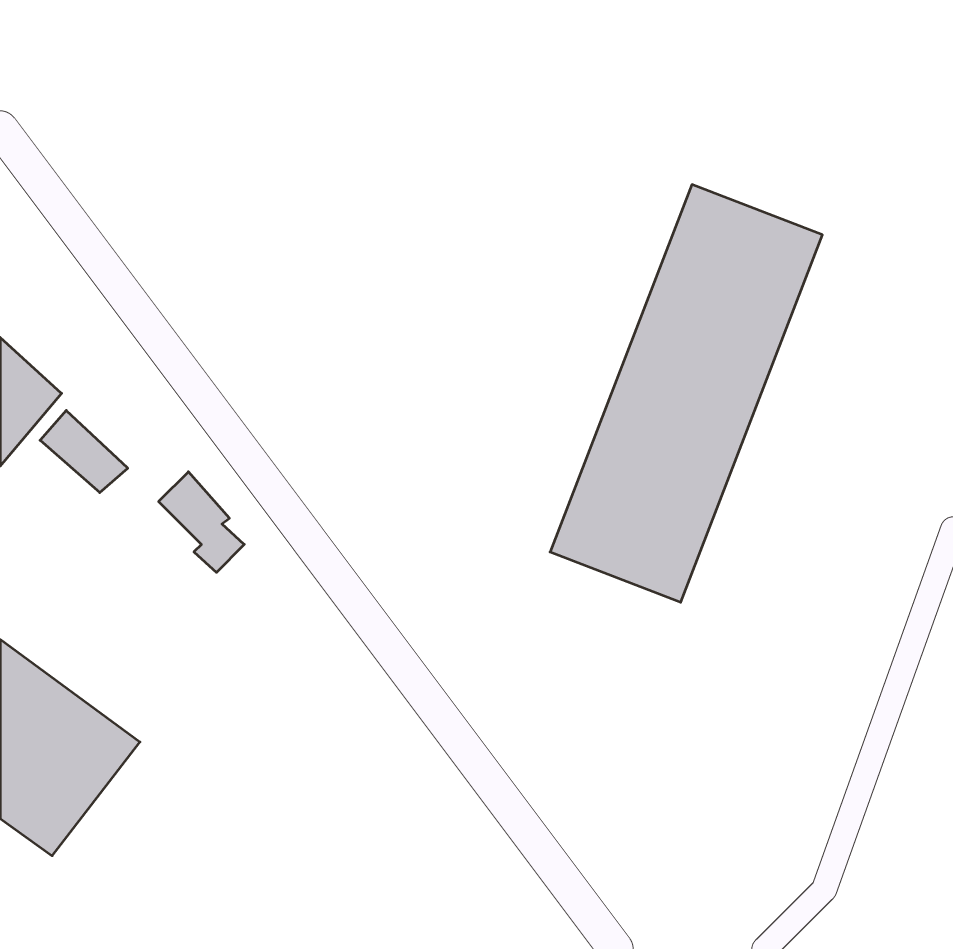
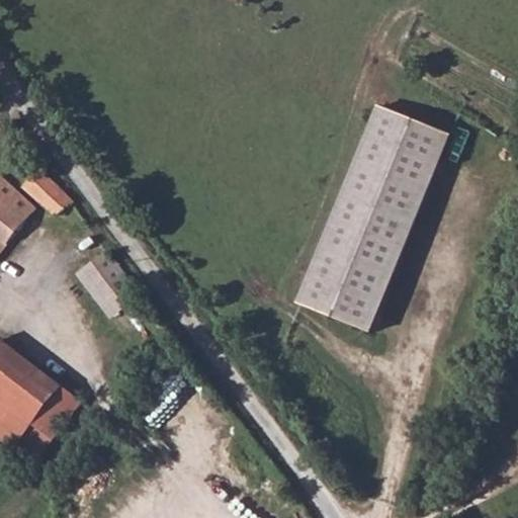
building: [40,410,128,493] -> [20,173,68,218]

